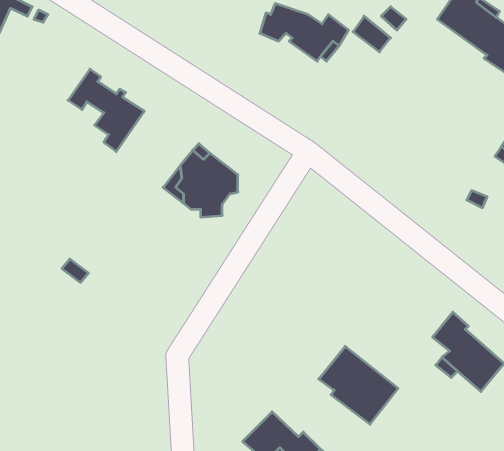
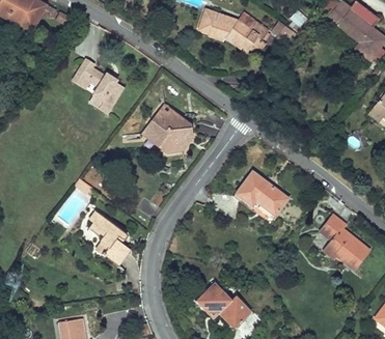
building: none -> [87,209,129,264]
building: [319,346,398,424] -> [236,170,288,222]

